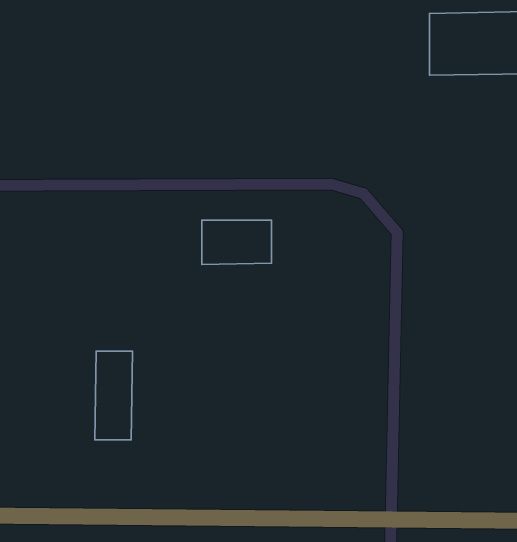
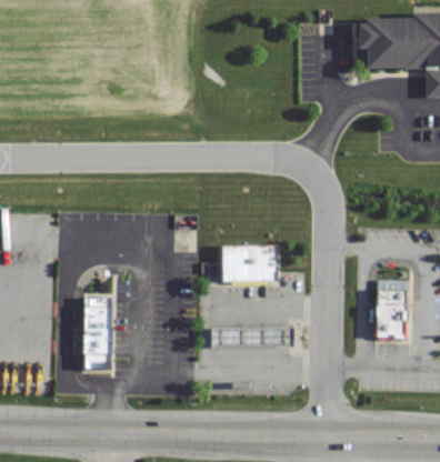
building: [202,220,272,264] -> [220,244,278,281]
building: none -> [376,281,404,339]

